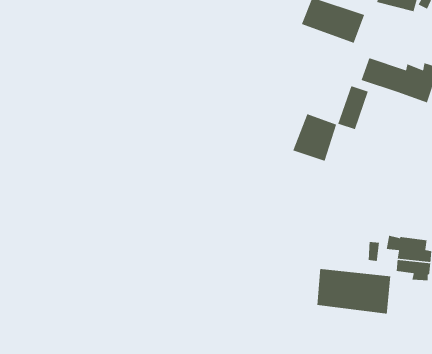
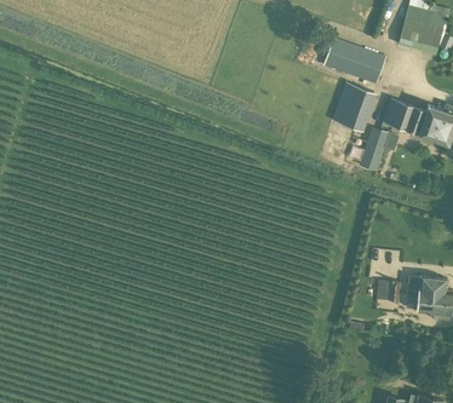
building: [292,113,337,162] -> [331,81,375,129]
building: [317,268,391,315] -> none

